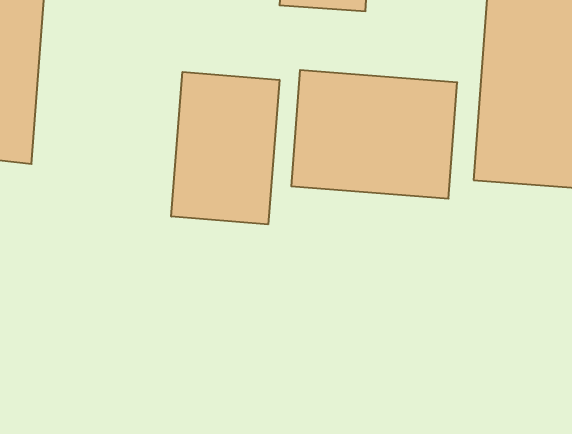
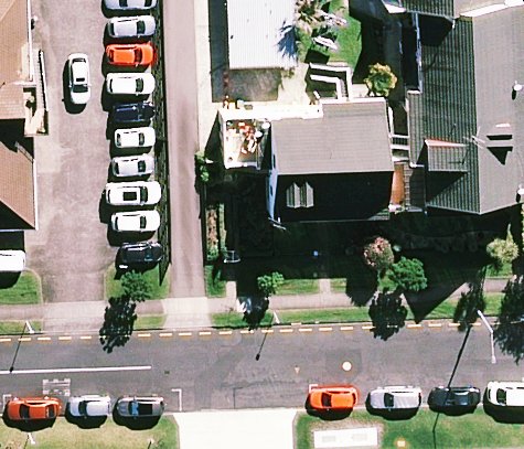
building: [171,72,279,224] -> none

